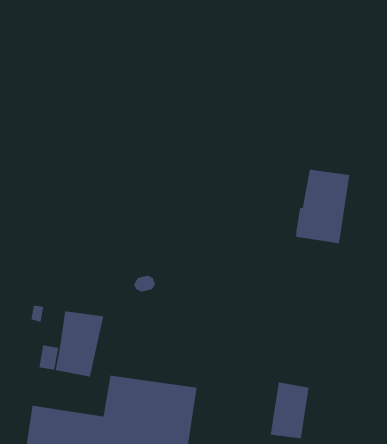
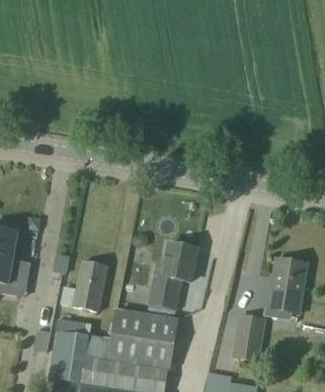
building: [295,169,350,244] -> [263,258,304,314]
building: none -> [150,243,196,304]

